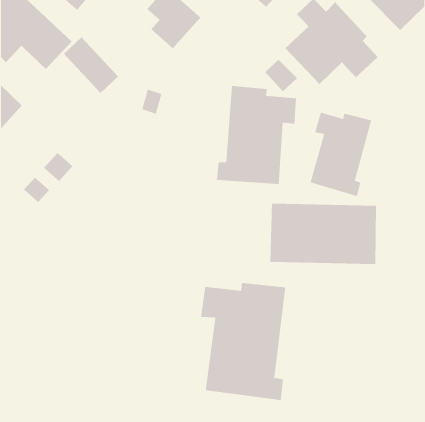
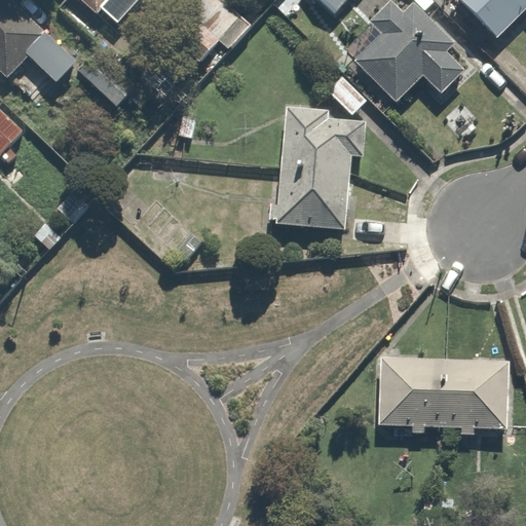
building: [310,112,372,197] -> none
building: [270,203,377,265] -> [377,355,510,431]
building: [201,282,286,401] -> none

